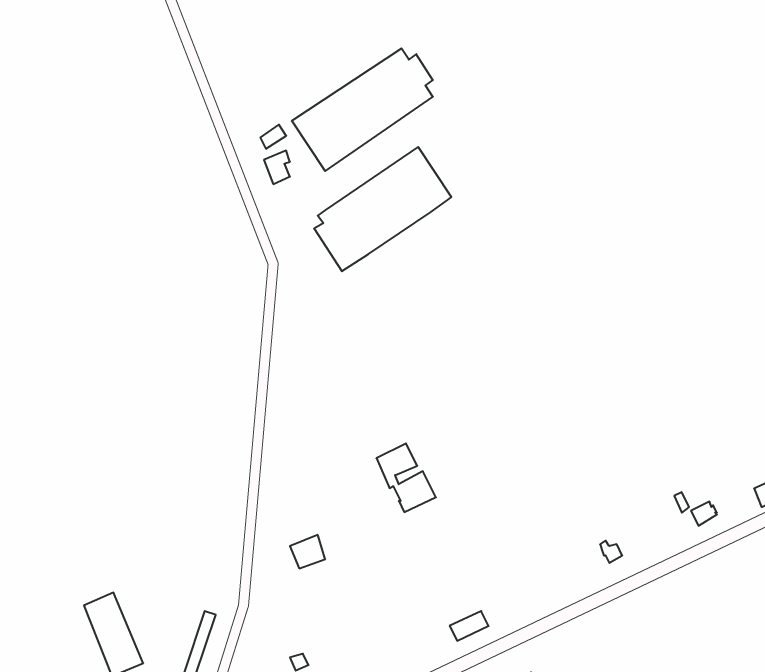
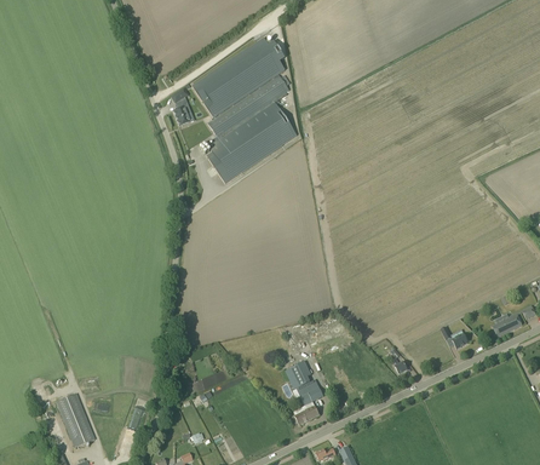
building: none -> [207,75,288,143]
building: [376,443,436,512] -> [285,360,323,404]

